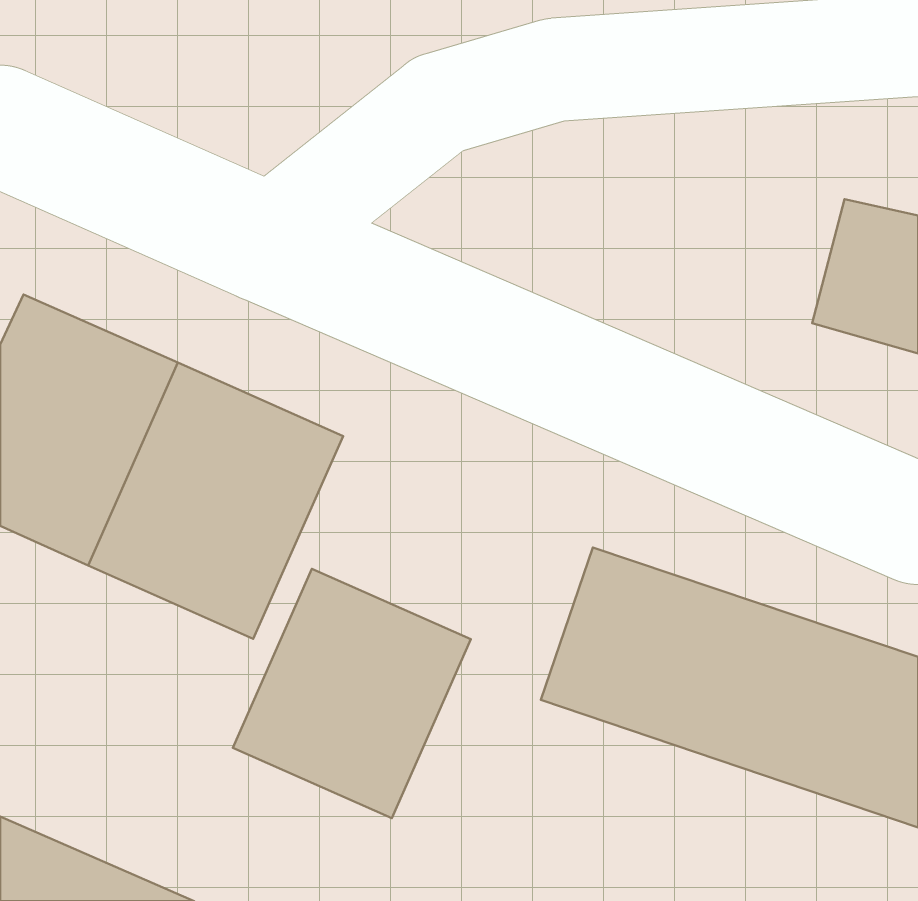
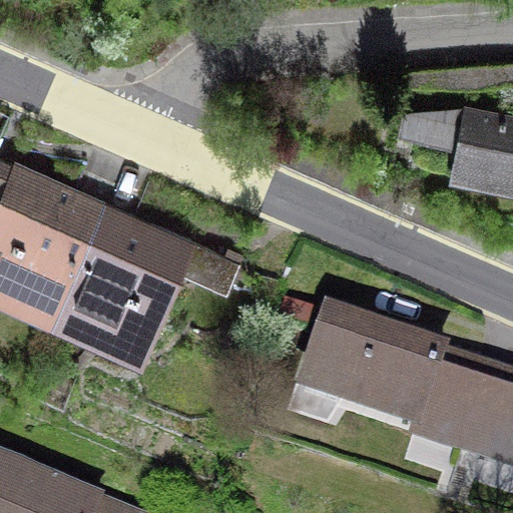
building: [233,569,471,818] -> none

